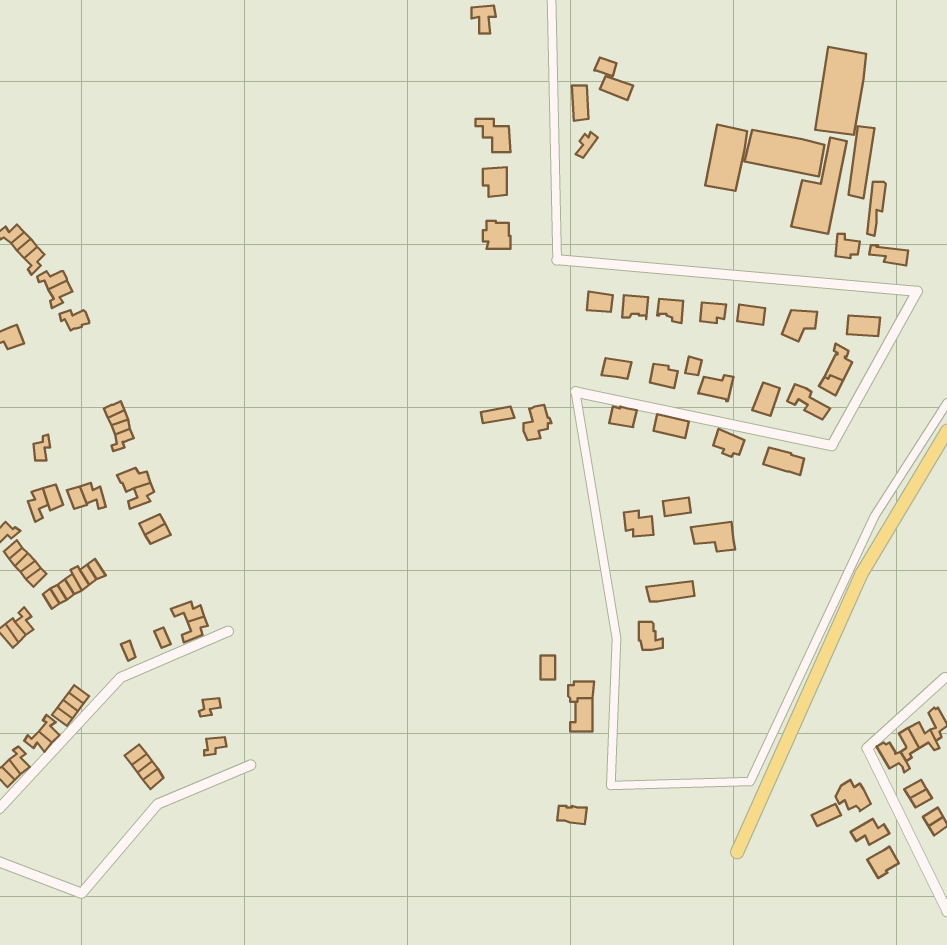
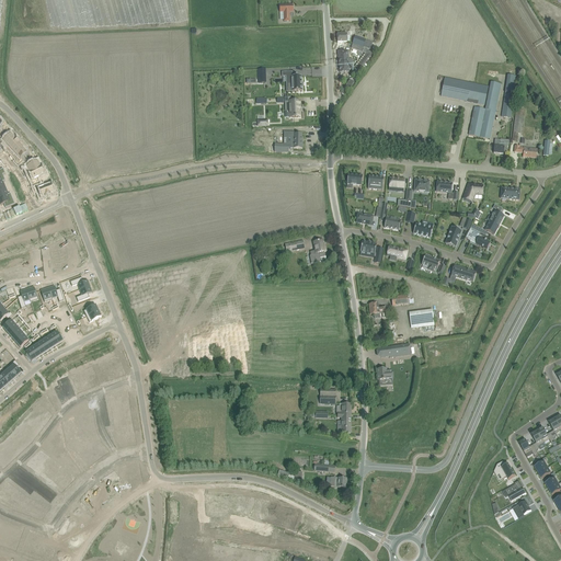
building: [815,47,866,135] -> none
building: [705,124,747,191] -> none

